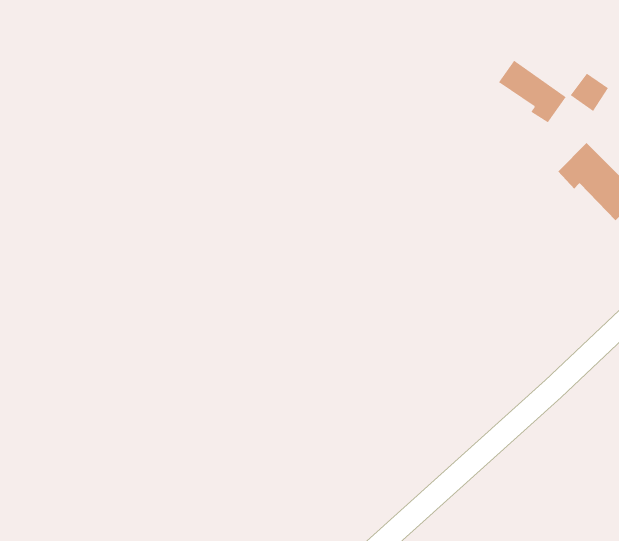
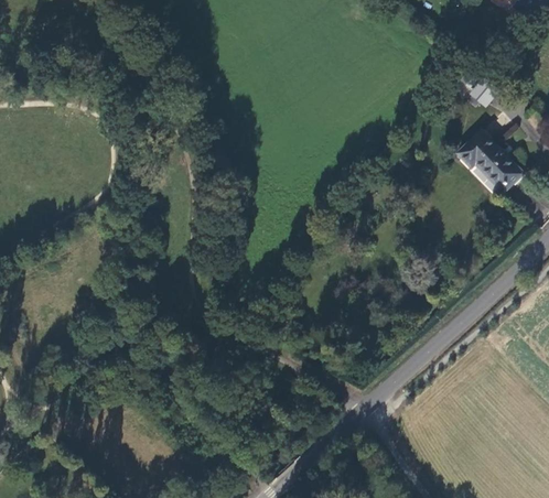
building: [498,60,566,123] -> none

